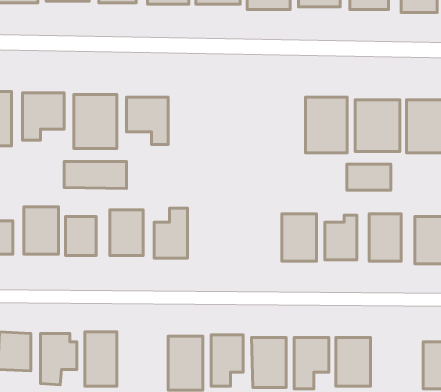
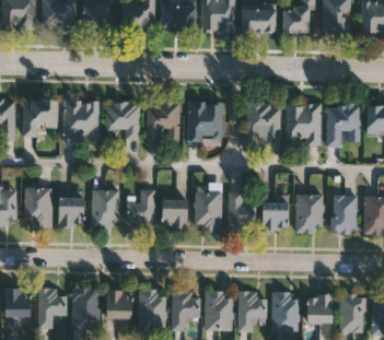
building: none -> [147,103,181,145]
building: none -> [188,103,223,143]
building: [64,161,126,189] -> none
building: [347,164,391,190] -> none
building: none -> [196,186,221,231]
building: none -> [162,200,187,231]
building: none -> [106,290,131,319]
building: none -> [306,294,334,325]

